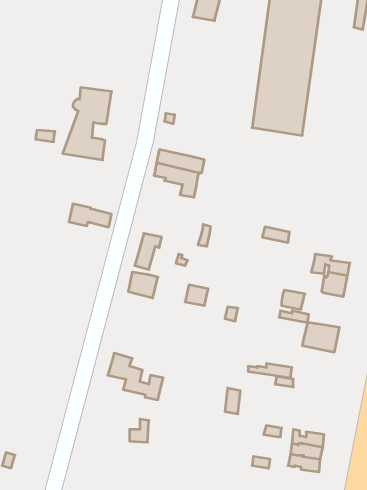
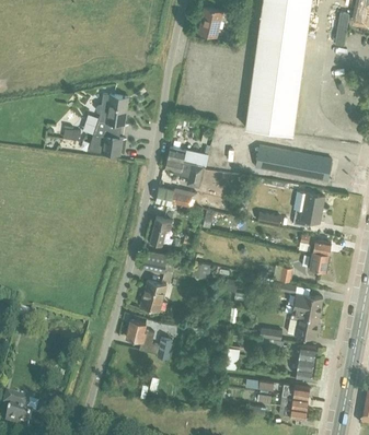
building: none -> [255,144,332,179]
building: none -> [293,191,324,226]
building: [69,204,111,227] -> [155,186,192,205]
building: none -> [140,279,166,309]
building: none -> [288,311,319,338]
building: none -> [296,344,316,378]

